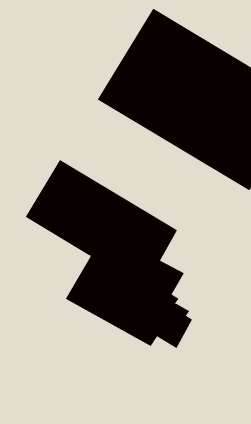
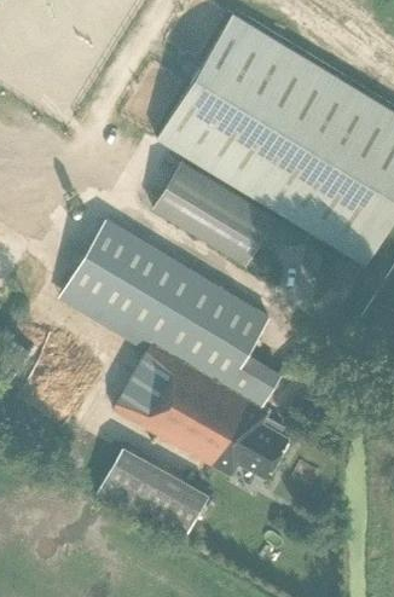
building: none -> [152,161,277,266]
building: none -> [99,446,210,540]

